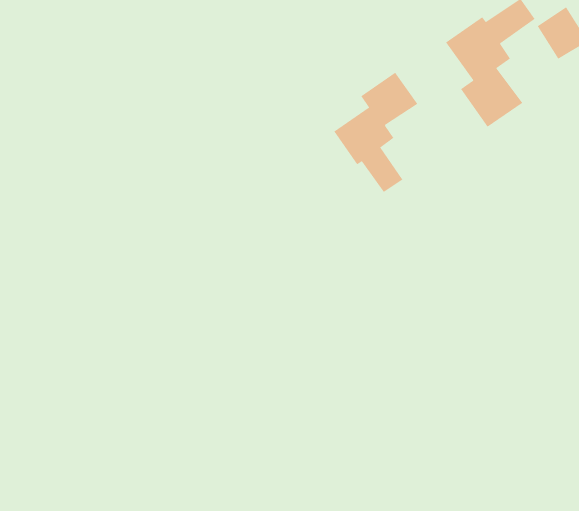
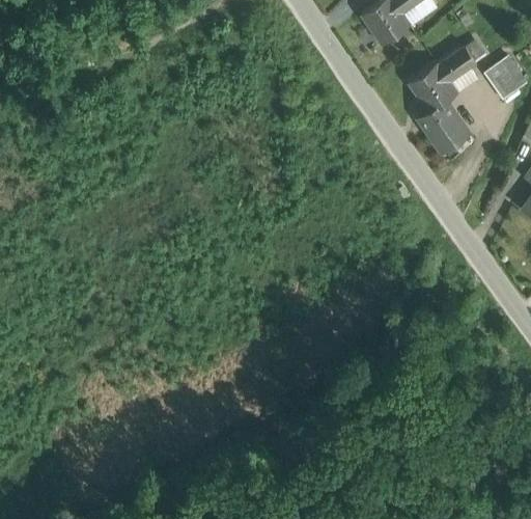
building: [333,72,418,193] -> none

